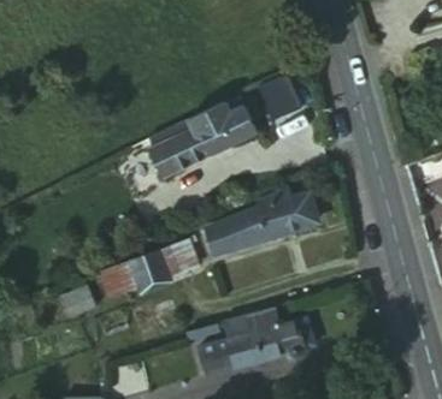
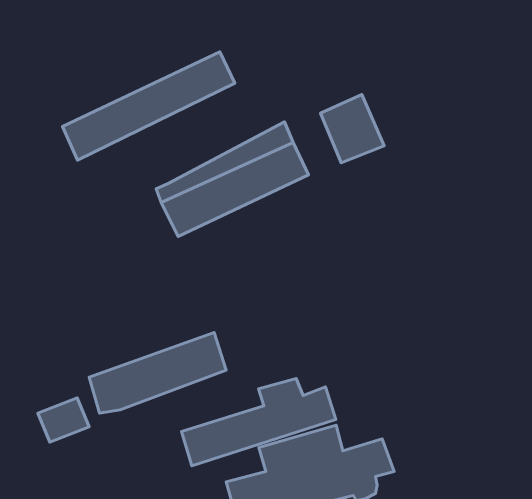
building: none -> [62,52,235,160]
building: [205,192,313,254] -> [181,378,336,466]

